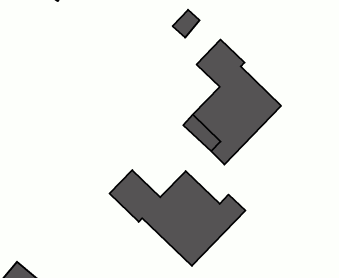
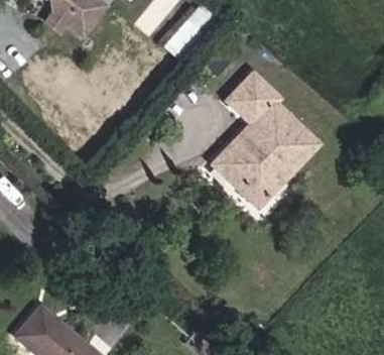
building: [110,170,245,266] -> none

